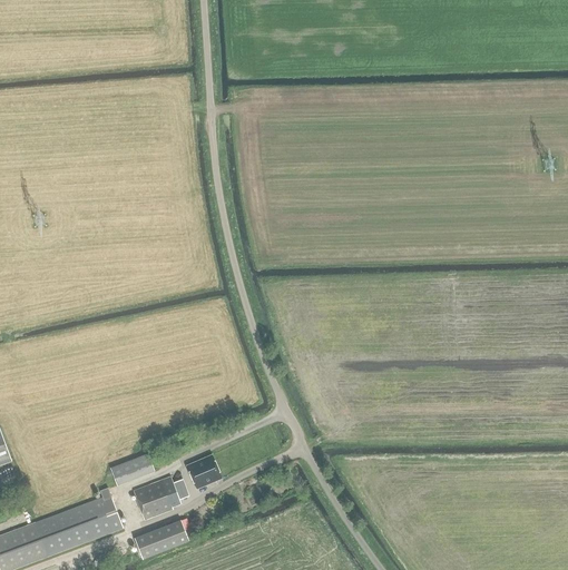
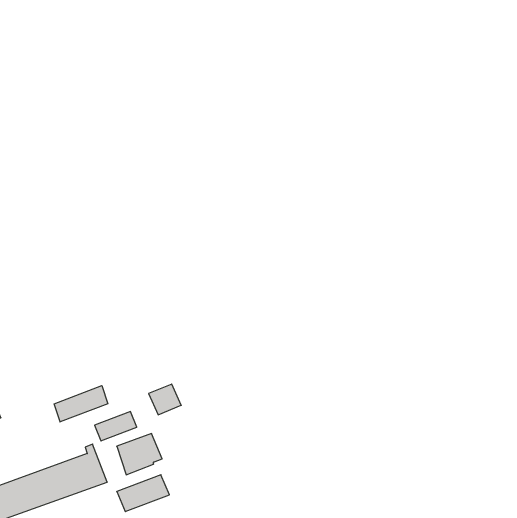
building: none -> [54,386,108,422]
building: [186,455,221,488] -> [149,384,181,415]

